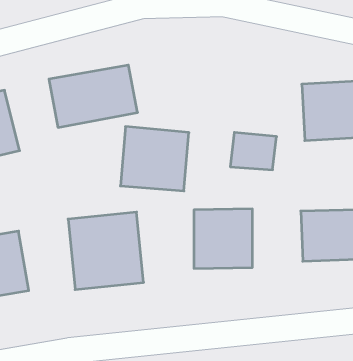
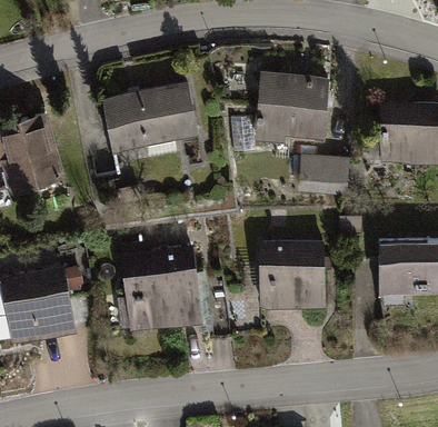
building: [120,127,189,191] -> [255,69,330,140]

